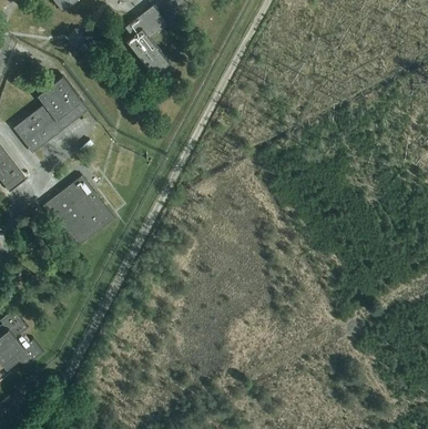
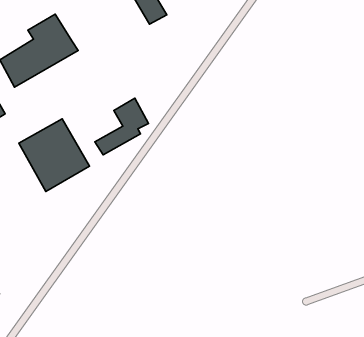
building: none -> [95,98,148,155]

